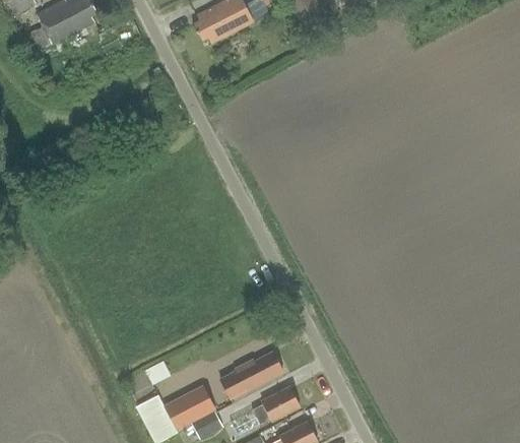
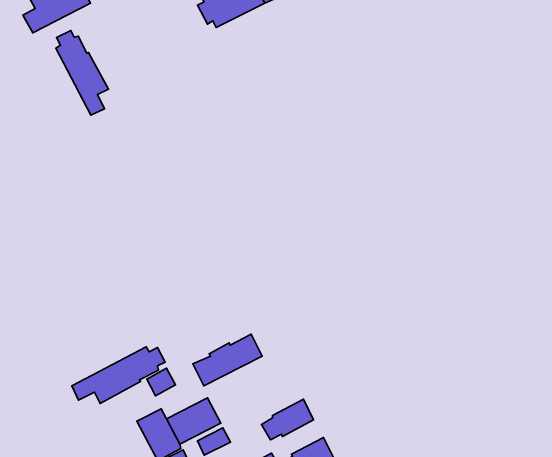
building: none -> [56,30,108,115]
building: none -> [72,347,165,404]
building: [219,351,283,398] -> [193,334,262,386]

